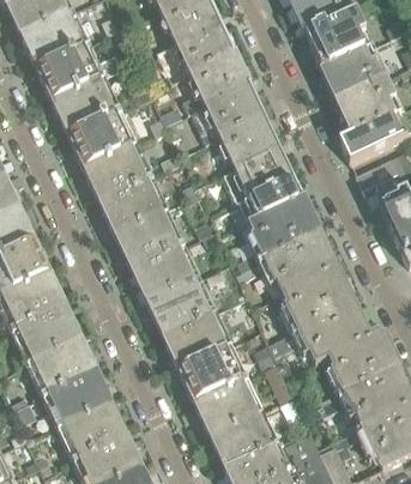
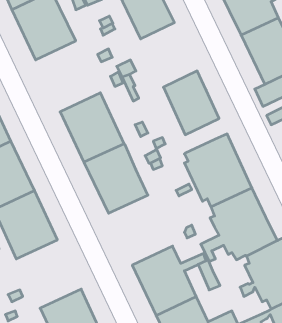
building: [189,49,264,140] -> none
building: [52,73,137,167] -> none
building: [238,175,303,220] -> none
building: [147,276,231,368] -> none
building: [26,334,111,424] -> none

